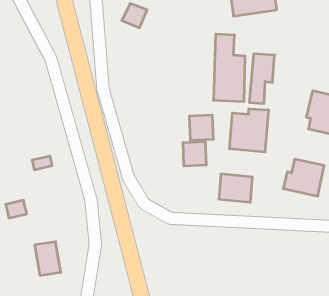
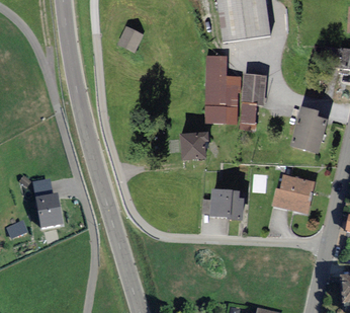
building: [230,109,269,152] -> none
building: [183,141,206,166] -> none
building: [35,242,61,275] -> [37,195,63,228]

